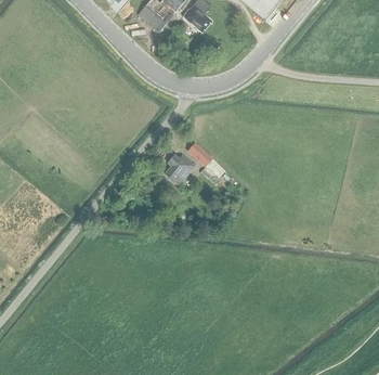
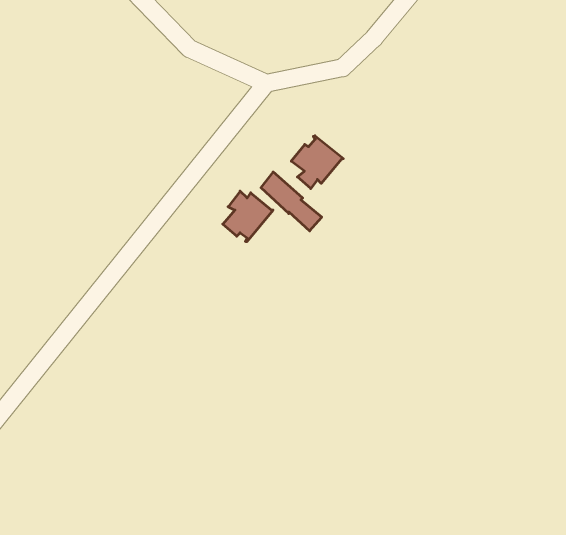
building: none -> [291,136,343,189]

